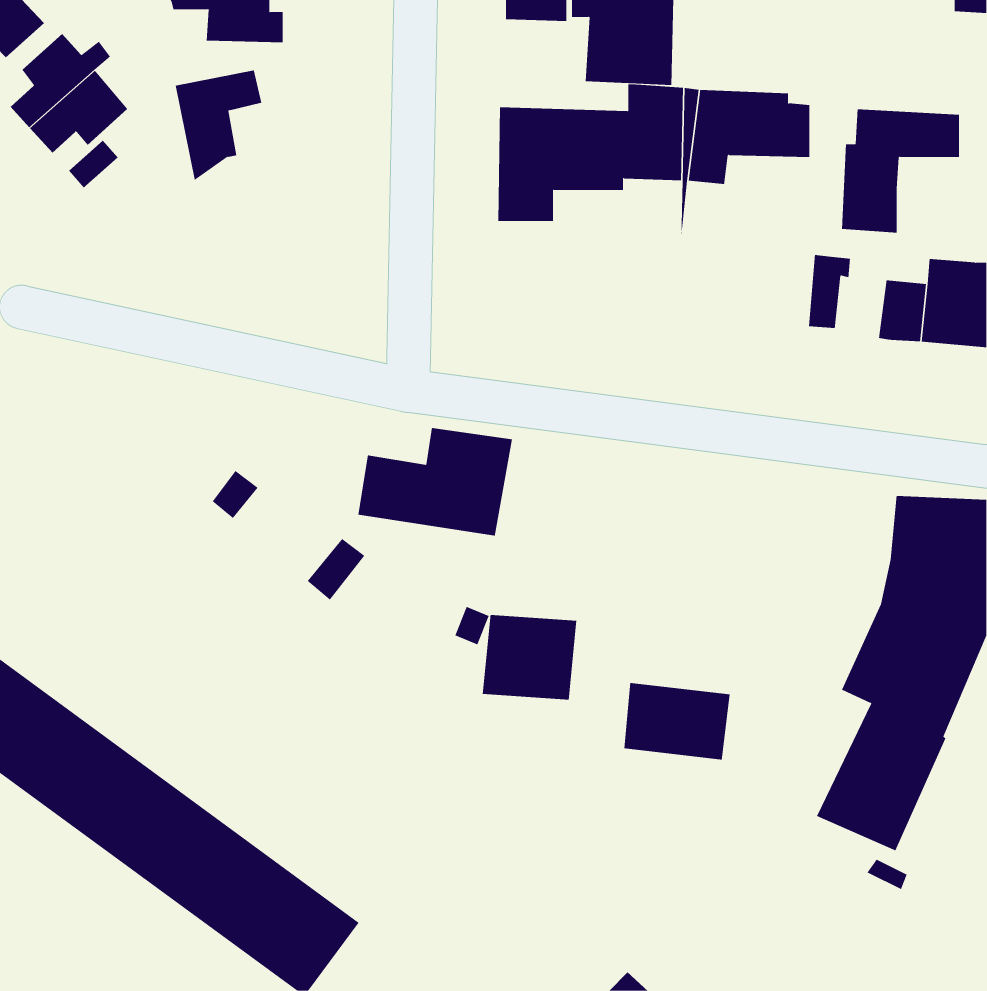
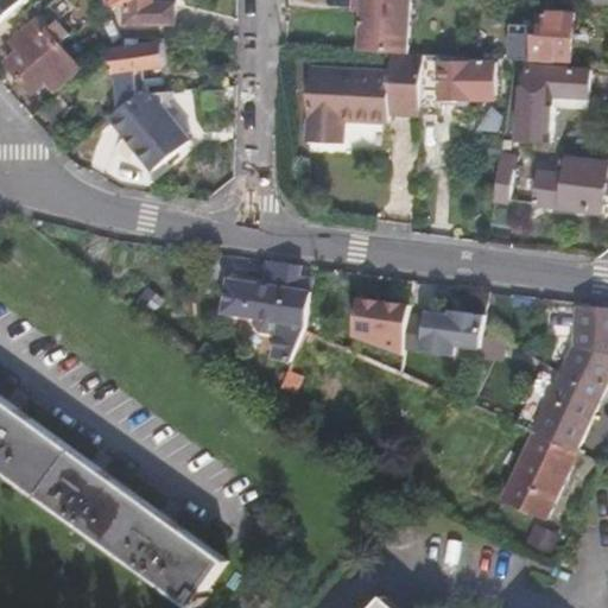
building: none -> [498,13,568,61]
building: none -> [108,94,186,173]
building: [482,615,577,700] -> [353,294,411,347]
building: [624,682,730,760] -> [422,305,487,353]

